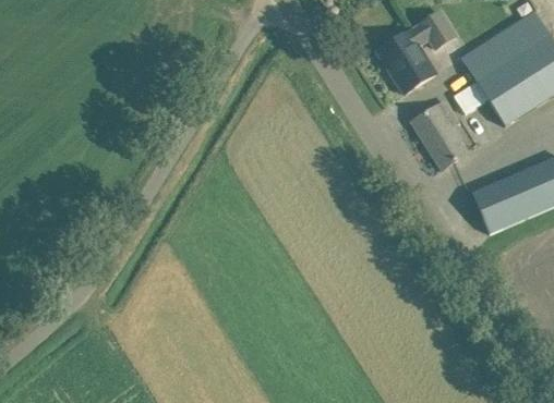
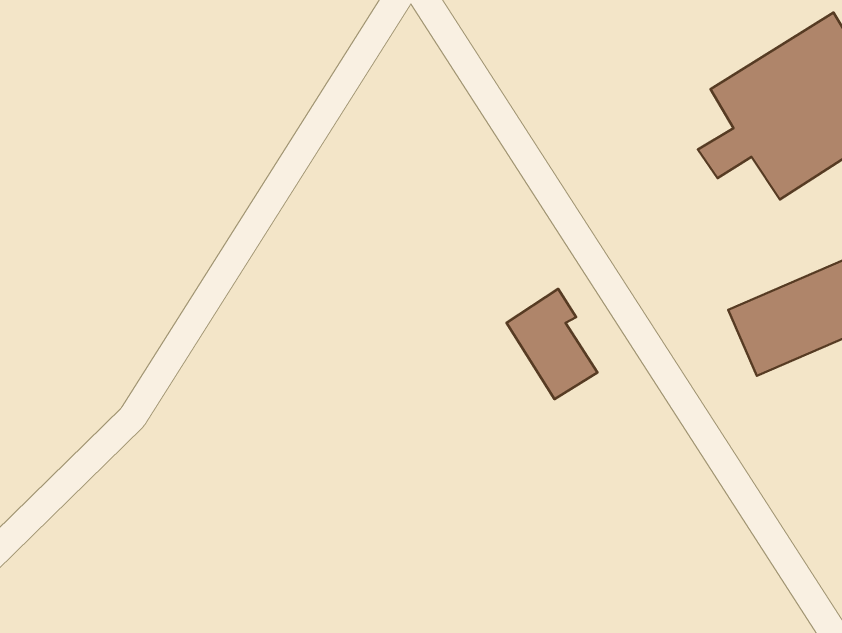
building: [377,10,458,94] -> none
building: [412,101,468,169] -> [507,289,597,399]

